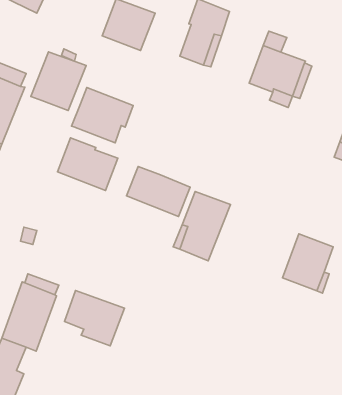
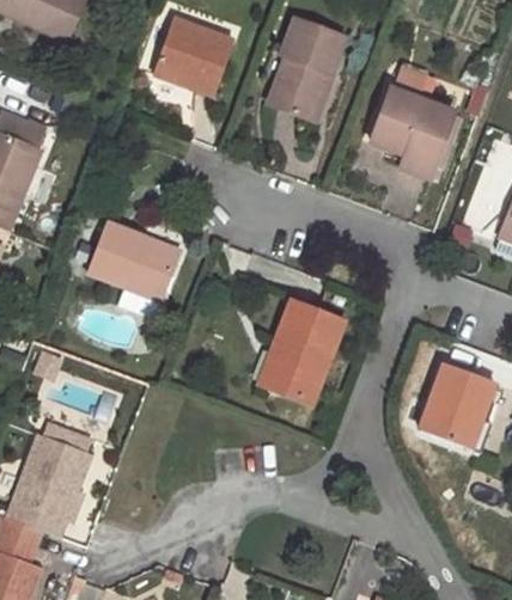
building: [31,52,86,111] -> none
building: [72,88,133,143] -> none
building: [127,166,190,216] -> none
building: [64,290,124,346] -> none

